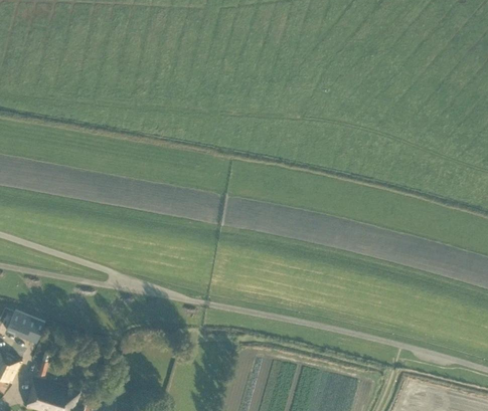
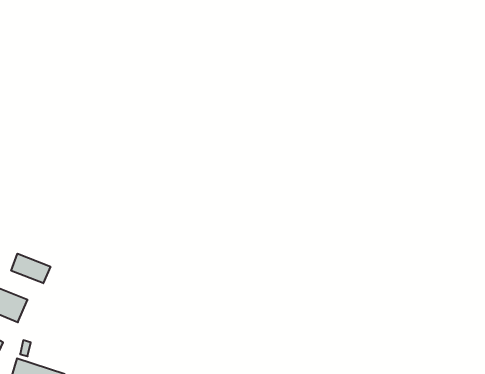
building: none -> [11,254,50,283]

